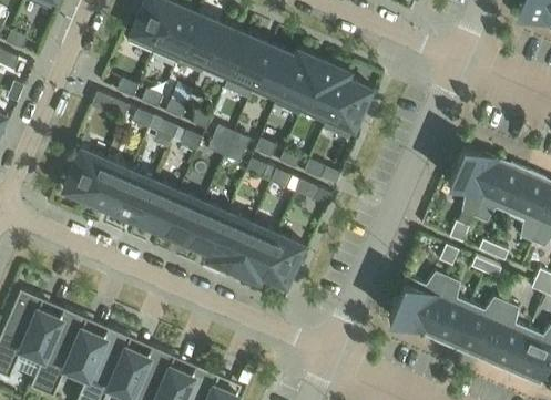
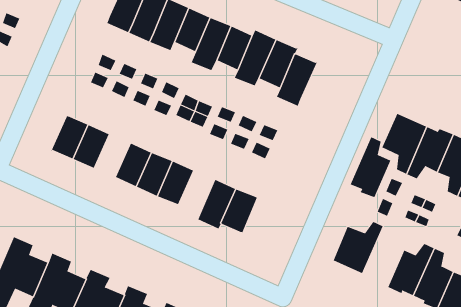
building: [113,171,155,220] -> none
building: [207,213,253,269] -> none
building: [424,277,471,348] -> [350,137,391,198]

